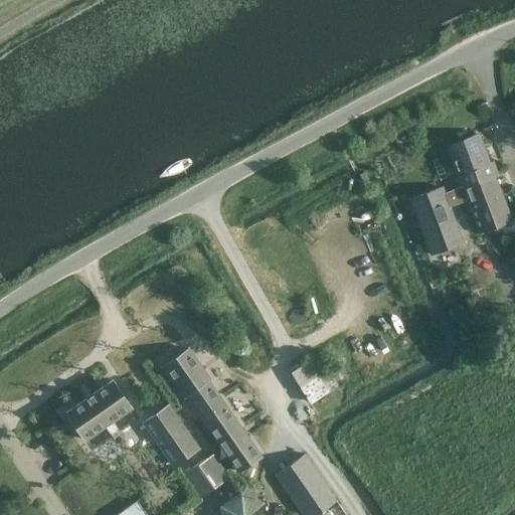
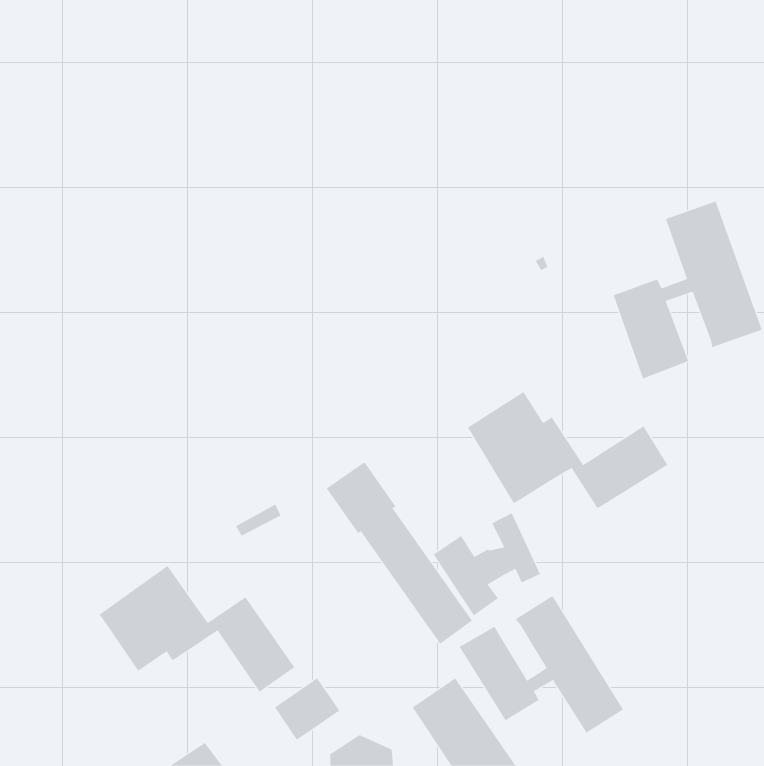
building: none -> [467,391,668,509]
building: [164,348,263,471] -> [326,462,473,645]
building: none -> [459,595,624,734]

